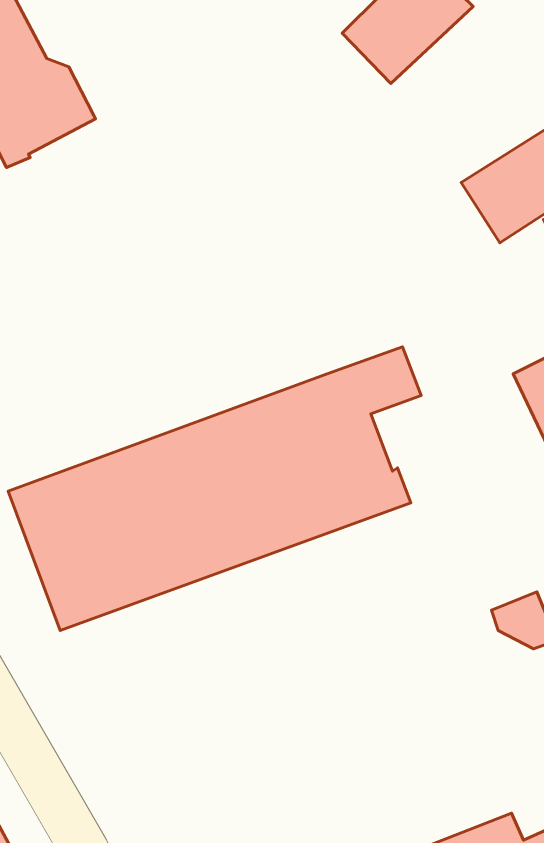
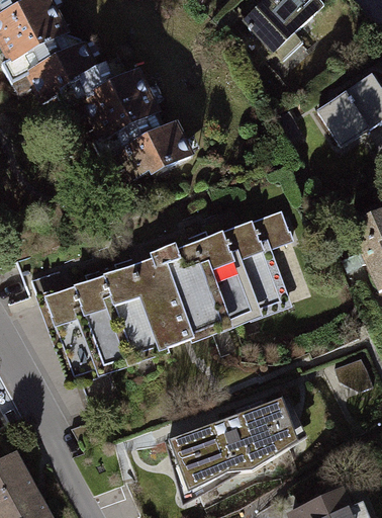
building: none -> [57,59,191,178]
building: none -> [169,397,292,489]

